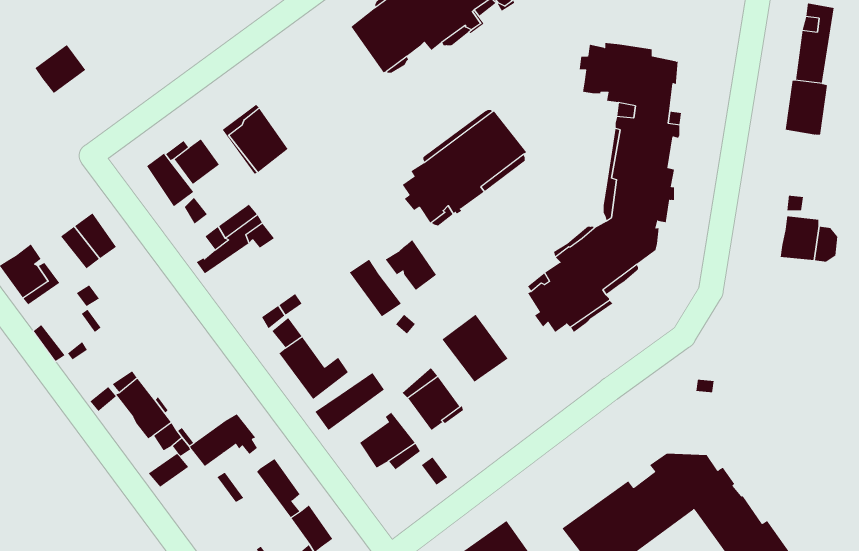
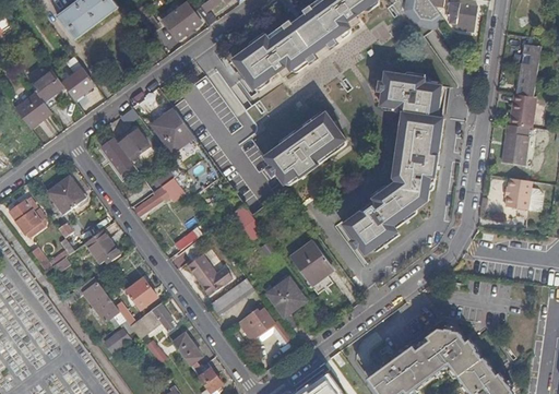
building: none -> [62,62,95,99]
building: none -> [15,91,51,127]
building: none -> [502,123,528,164]
building: [385,239,437,291] -> none
building: none -> [85,229,120,262]
building: none -> [127,277,157,309]

